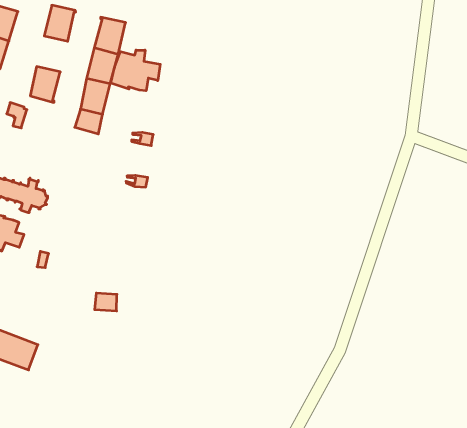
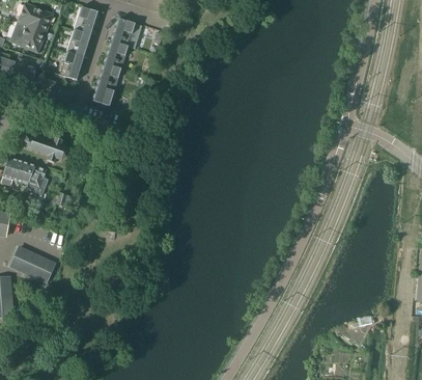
building: none -> [65,30,90,58]
building: [111,50,160,91] -> none

